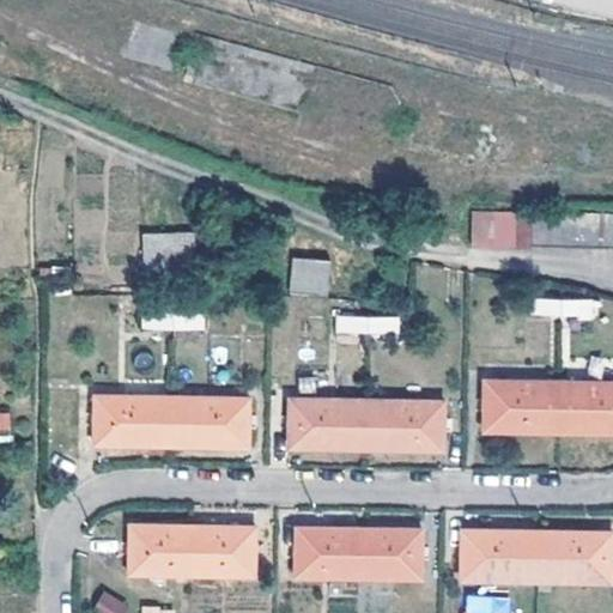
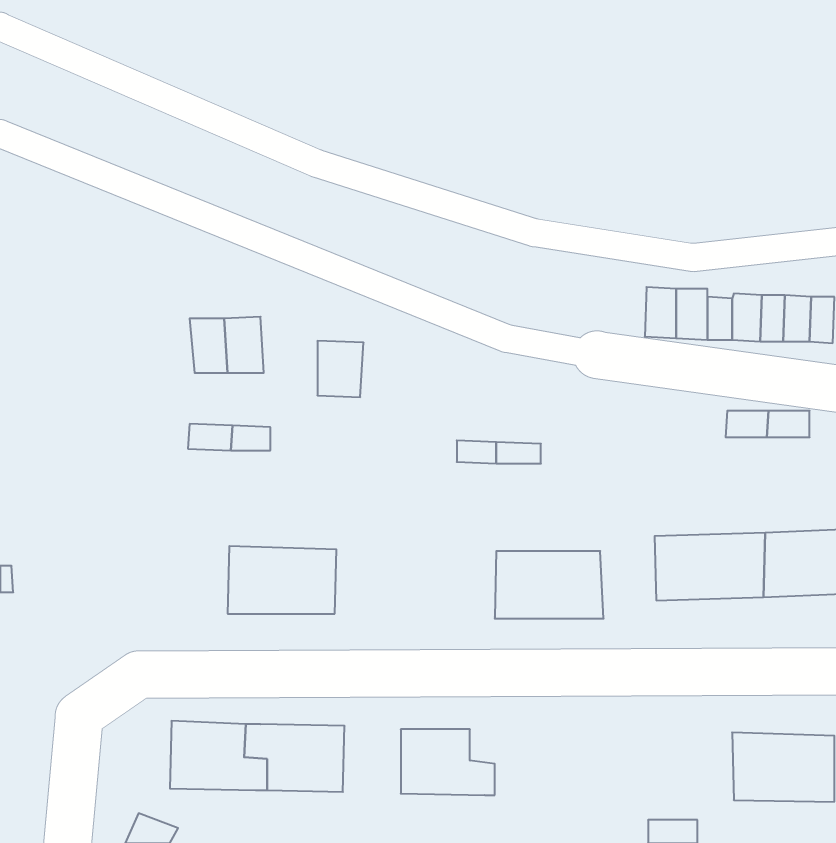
building: [298,255,332,296] -> [317,341,364,397]
building: [93,395,171,445] -> none
building: [289,399,365,448] -> none
building: [346,529,419,578] -> none
building: [461,532,538,581] -> none

